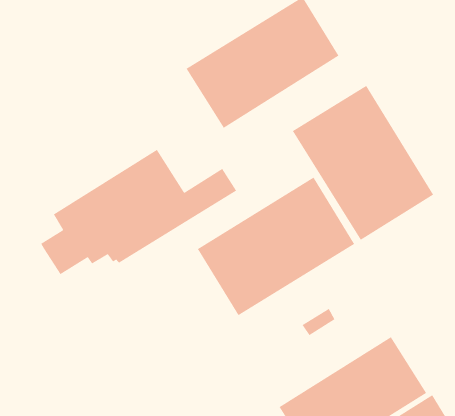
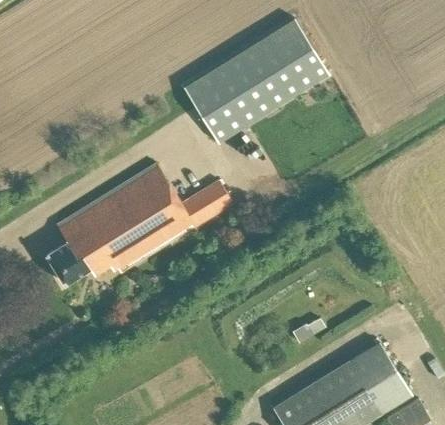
building: [292,85,434,241] -> none
building: [197,177,355,316] -> none

